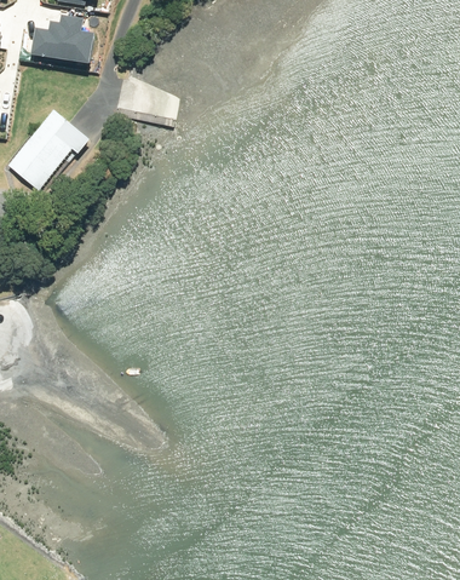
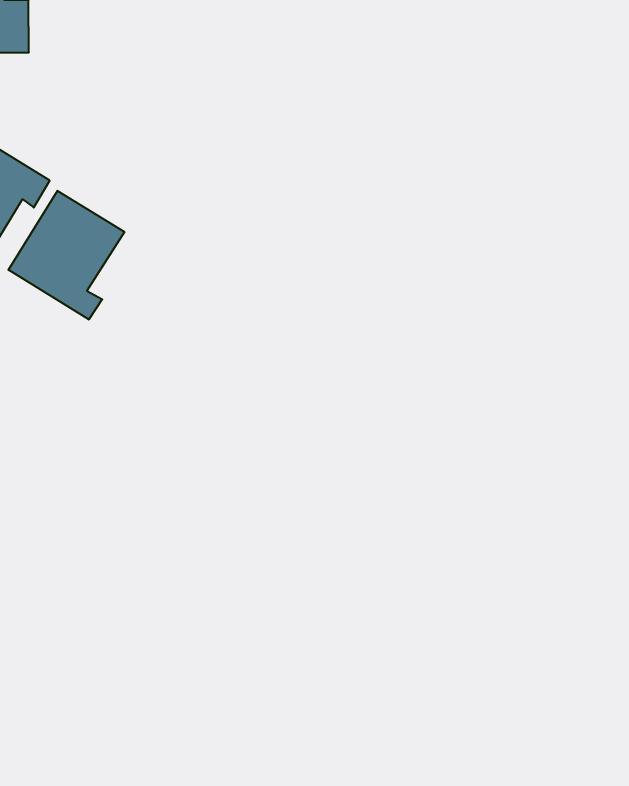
building: none -> [8,191,124,320]

